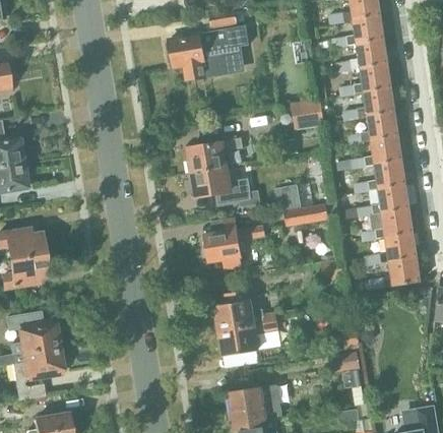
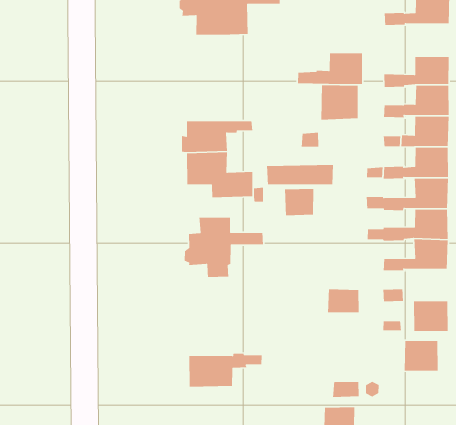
building: [335,40,388,72] -> [297,52,363,85]
building: [283,202,338,227] -> [266,164,334,185]
building: [386,233,417,261] -> [404,340,439,371]
building: [215,291,277,331] -> none

